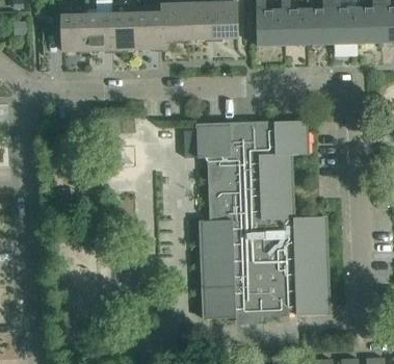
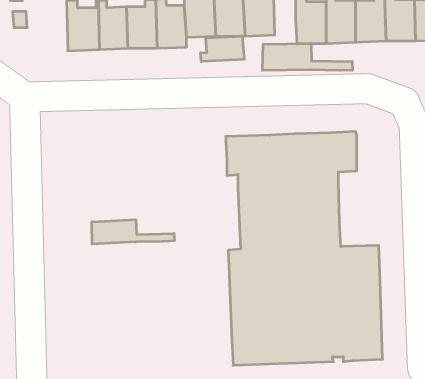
building: none -> [201,36,244,62]
building: none -> [262,43,352,70]
building: none -> [92,220,174,244]

